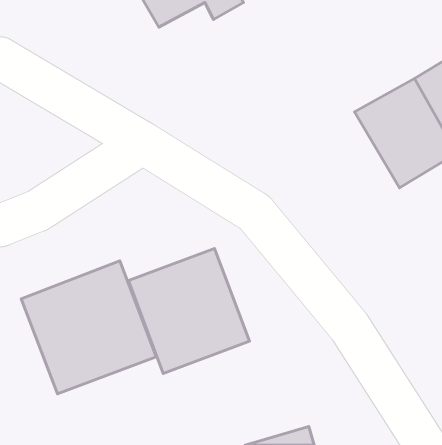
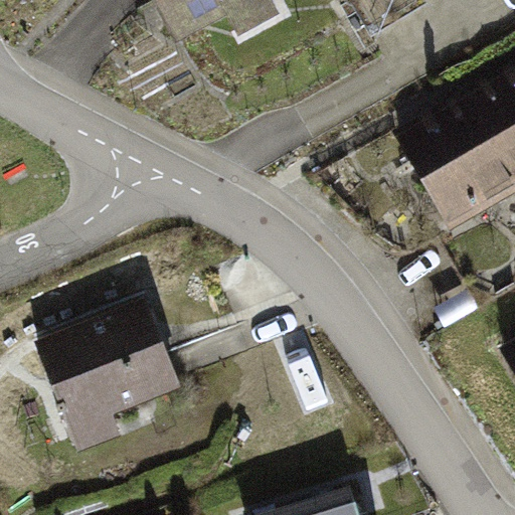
building: [129,248,250,374] -> none

